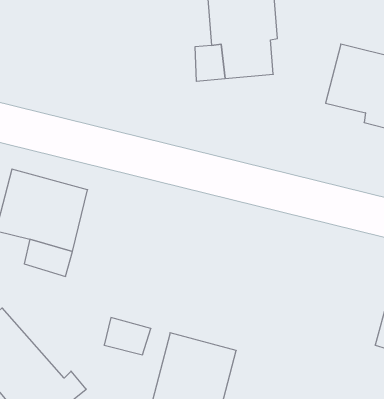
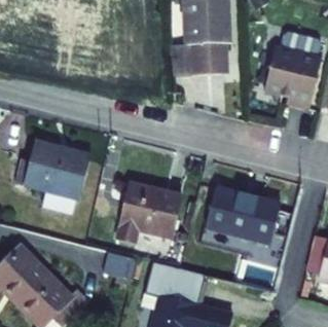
building: none -> [116,179,182,239]
building: none -> [205,186,280,244]

